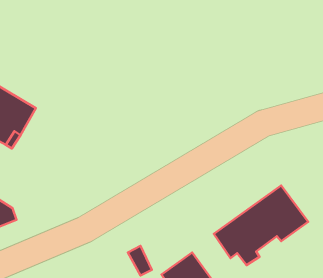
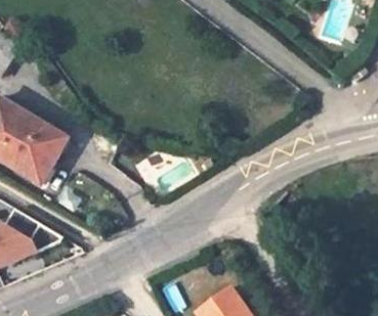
building: [214,186,308,265] -> none

